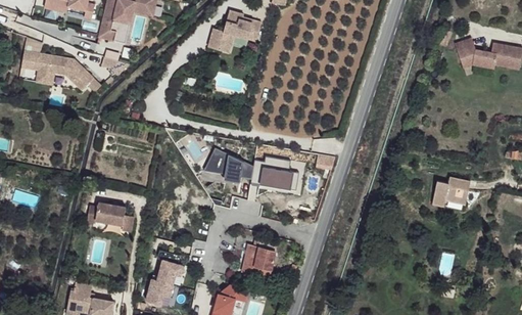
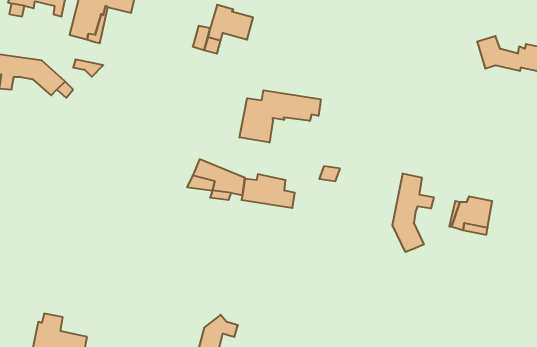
building: none -> [240,90,321,143]
building: none -> [392,173,434,252]
building: [88,201,134,232] -> none
building: [240,238,275,277] -> none
building: [145,250,181,305] -> none

